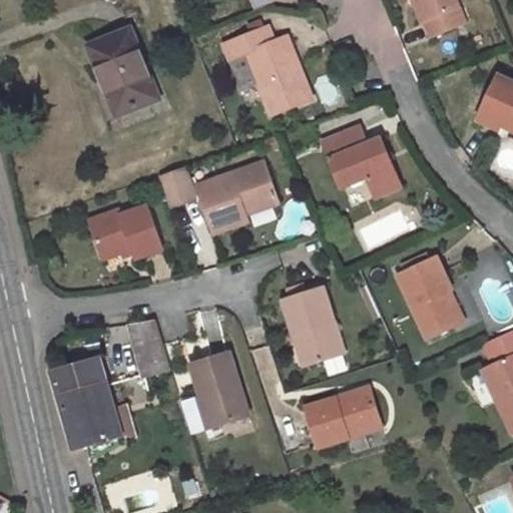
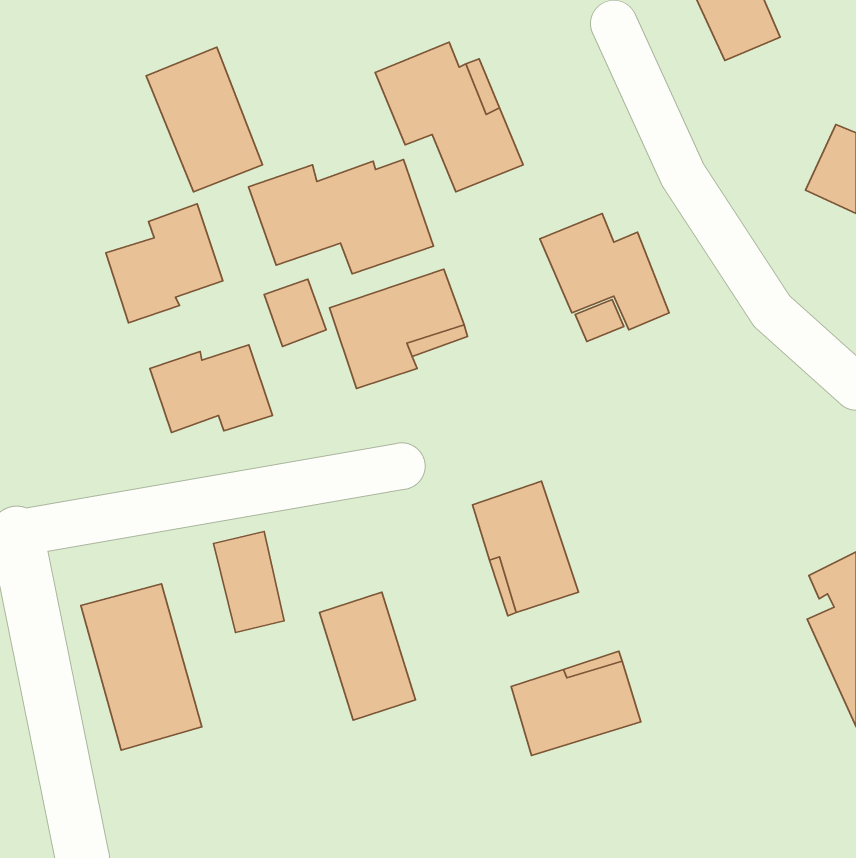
building: none -> [248,160,434,274]
building: none -> [106,204,223,323]
building: [397,258,458,338] -> none

